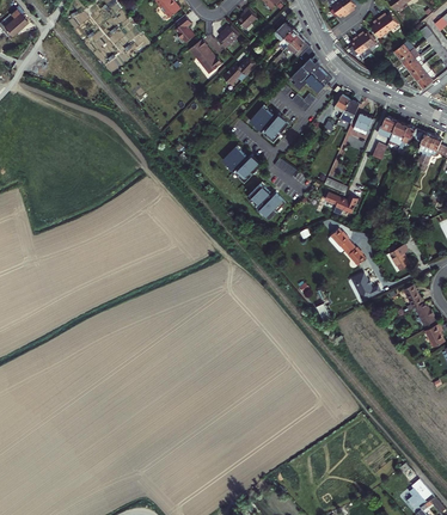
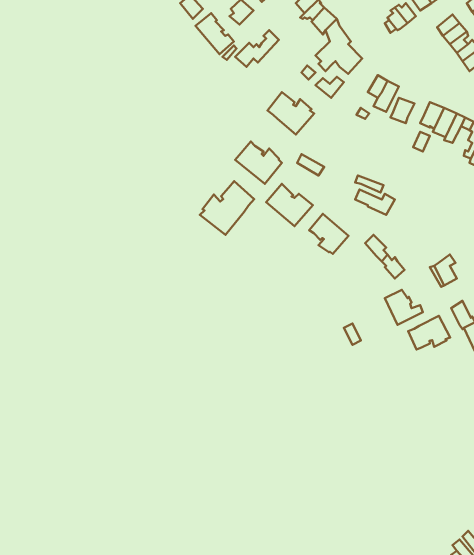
building: none -> [200,181,254,235]
building: none -> [309,214,349,254]
building: none -> [408,316,450,350]

